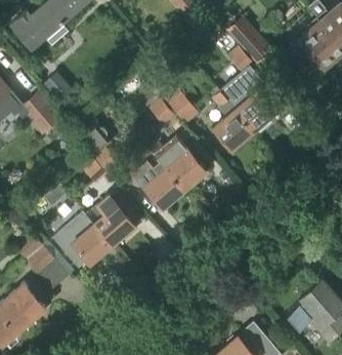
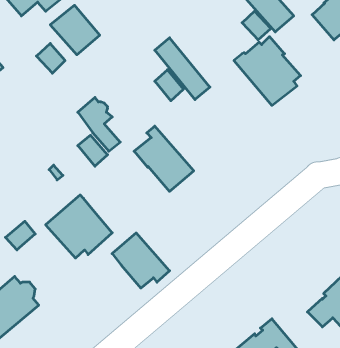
building: [210,87,253,150] -> none
building: [17,90,61,134] -> [50,5,100,55]
building: [148,139,206,190] -> none
building: [85,195,136,244] -> [112,233,170,288]
building: [28,247,69,289] -> none

